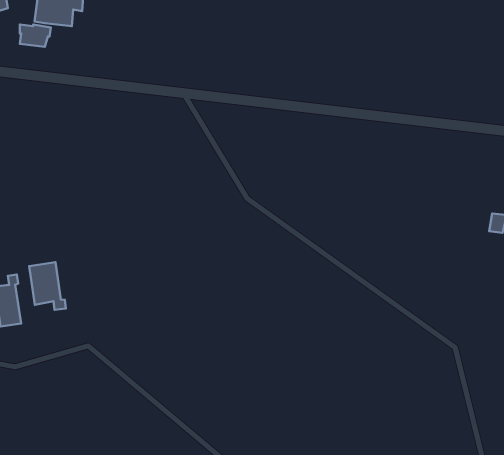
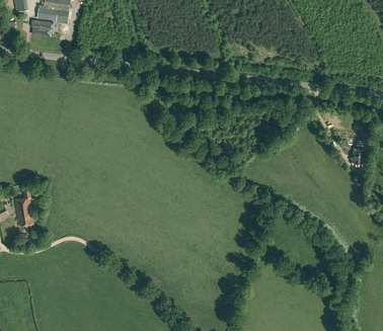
building: [29,262,66,310] -> none

